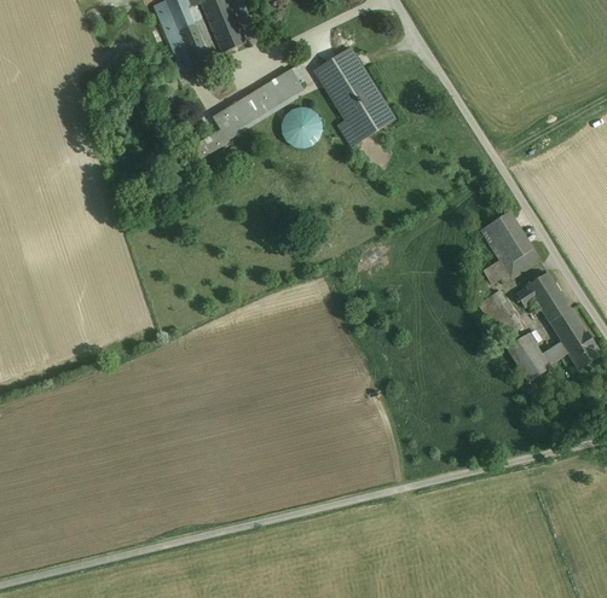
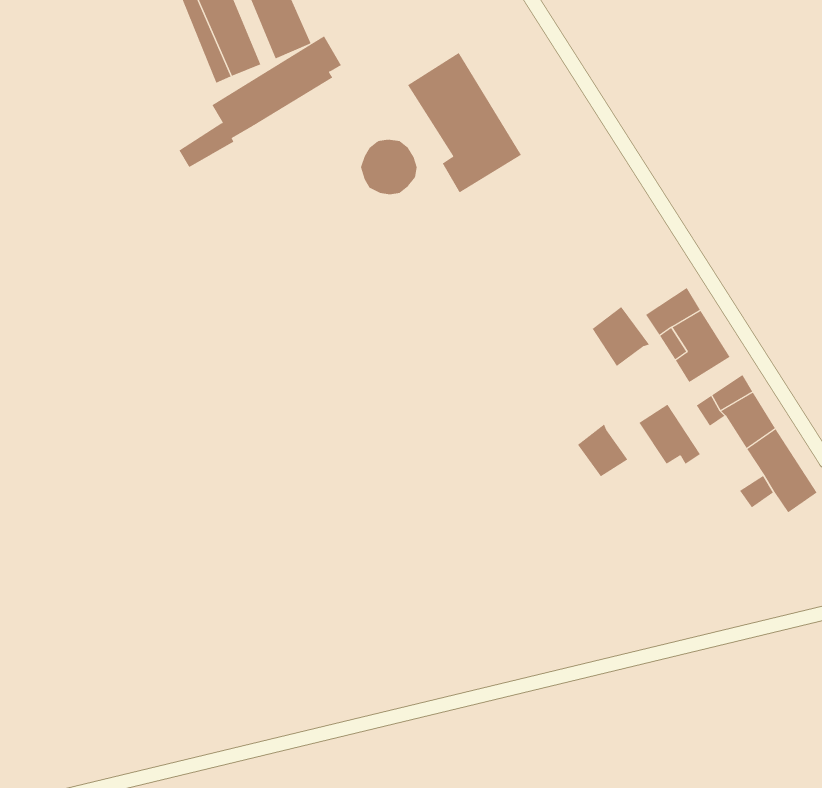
building: [190,68,304,159] -> [178,36,342,168]
building: none -> [592,306,650,367]
building: none -> [577,423,628,477]
building: [507,337,548,382] -> none

